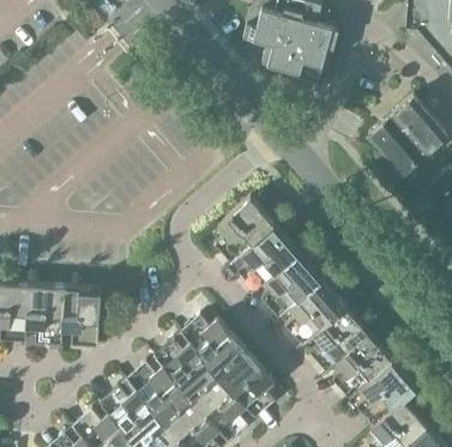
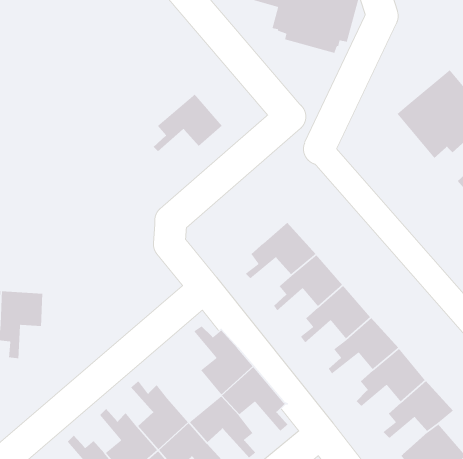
building: [213,200,273,250] -> [153,93,223,152]
building: [62,289,101,348] -> none
building: [167,339,217,399] -> none

